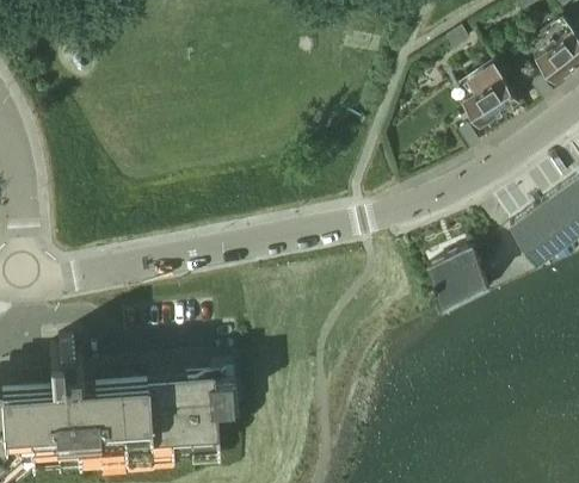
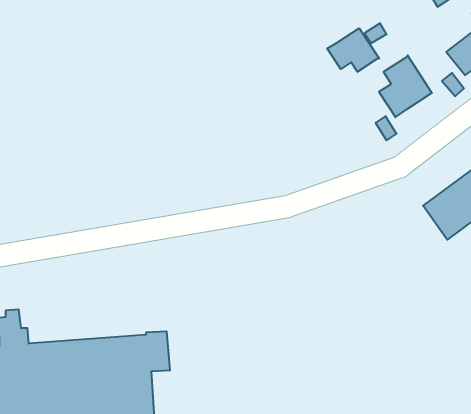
building: none -> [327,28,379,72]
building: [425,246,483,301] -> none

